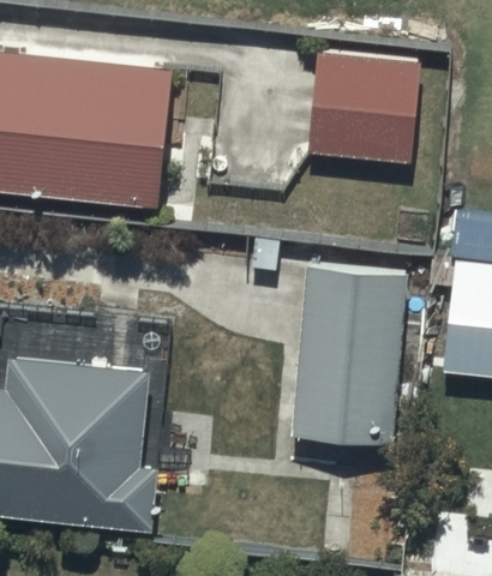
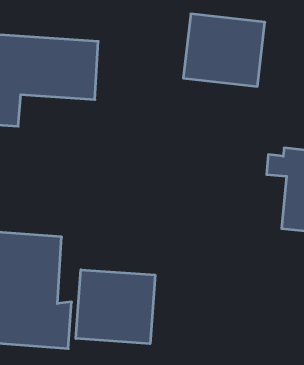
building: [294,252,406,432] -> none
building: none -> [76,270,155,344]

